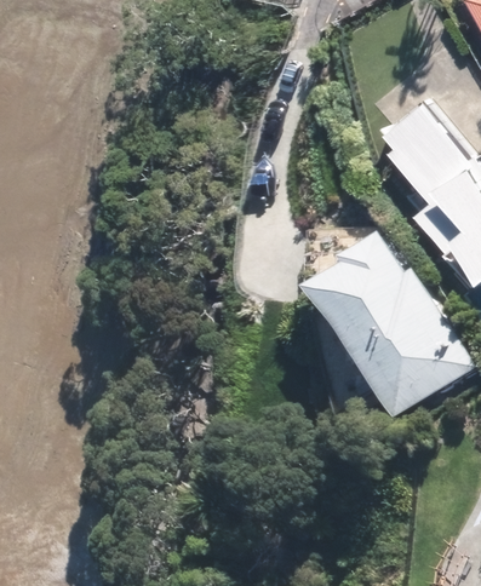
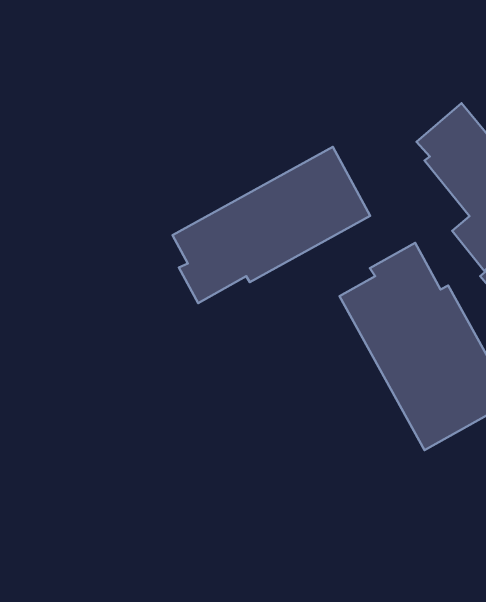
building: none -> [173,147,370,303]

